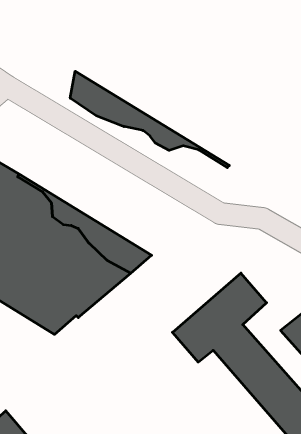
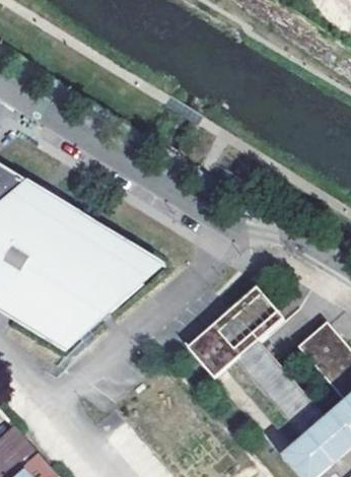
building: [70,71,229,168] -> none

